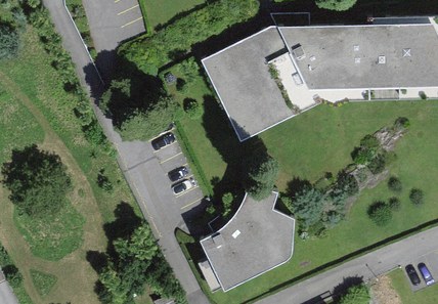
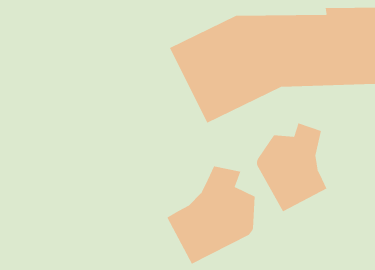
building: none -> [257,123,327,212]

